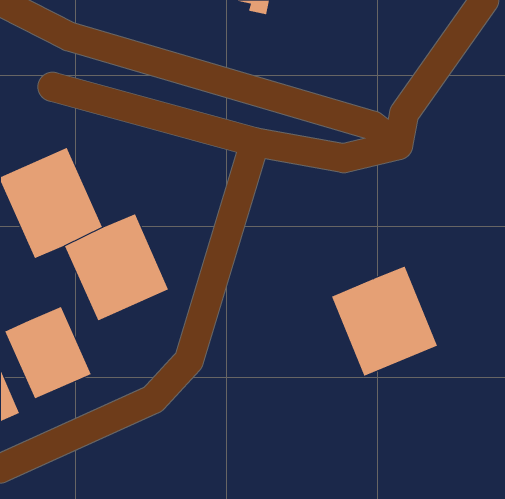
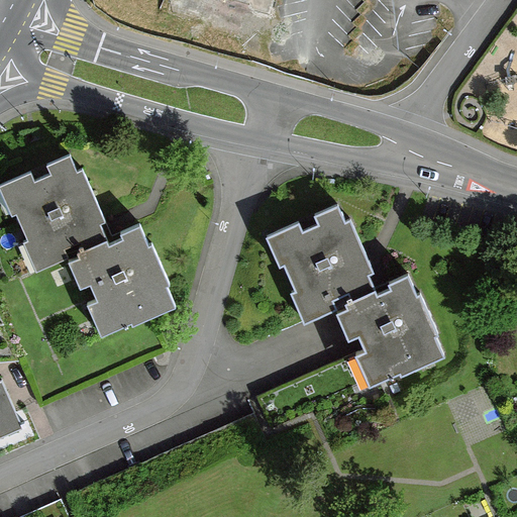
building: none -> [270,207,382,323]
building: [5,306,92,399] -> none

